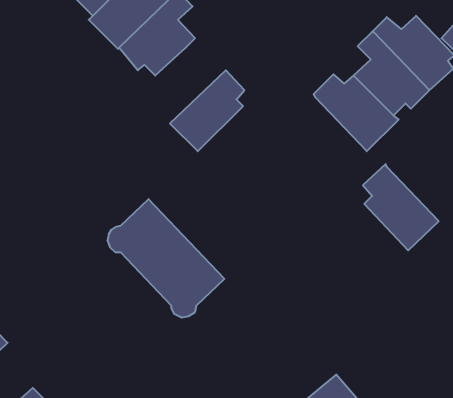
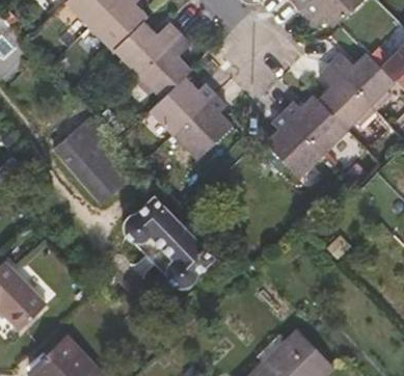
building: none -> [147,75,215,134]
building: none -> [50,115,134,203]
building: [363,164,439,250] -> [266,111,325,179]

